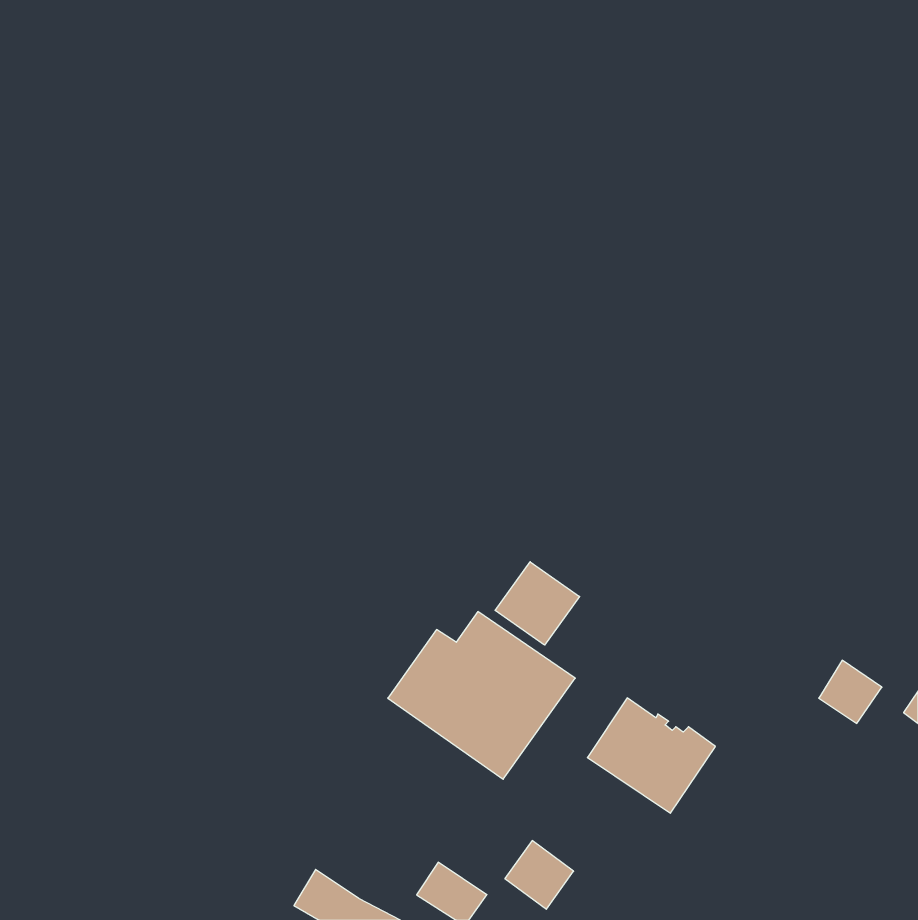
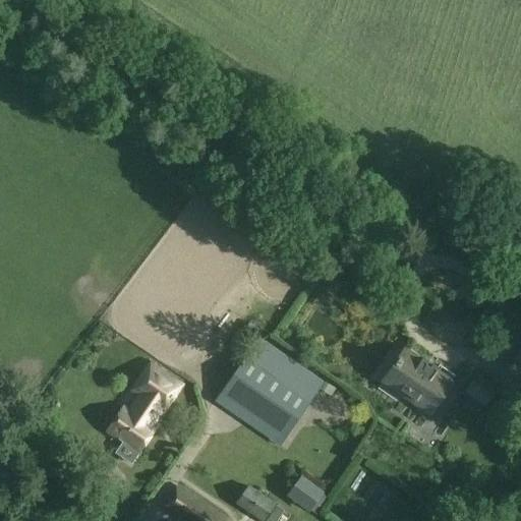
building: [495,562,580,645] -> none
building: none -> [107,371,176,453]
building: [587,698,715,813] -> [381,348,453,413]

